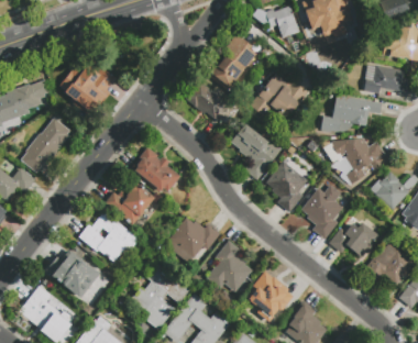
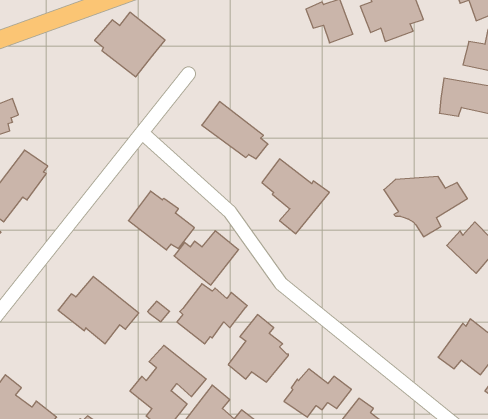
building: [207,33,256,87] -> none
building: [59,65,112,113] -> [95,12,165,77]
building: [248,74,308,121] -> none
building: [321,95,382,132] -> none
building: [266,161,308,211] -> none
building: [107,181,155,222] -> [174,231,239,285]
building: [301,185,343,239] -> none
building: [329,221,380,258] -> none
building: [51,254,111,302] -> none

